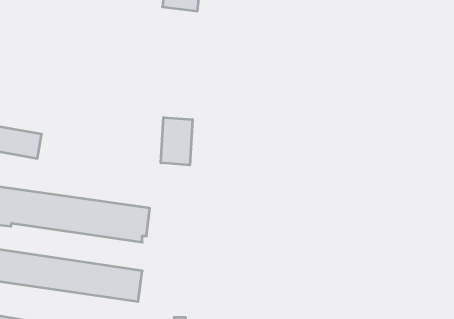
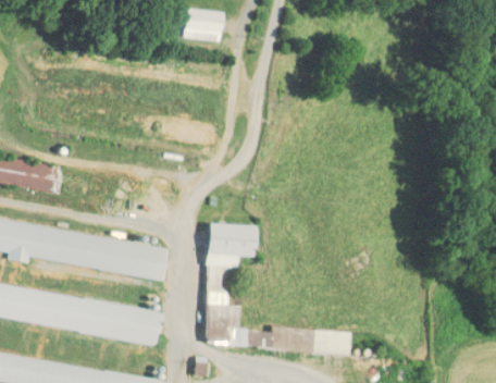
building: [161,117,192,165] -> none
building: none -> [202,224,350,354]

